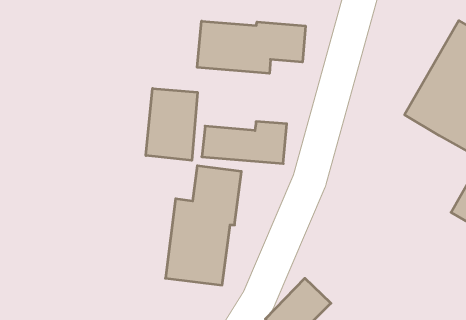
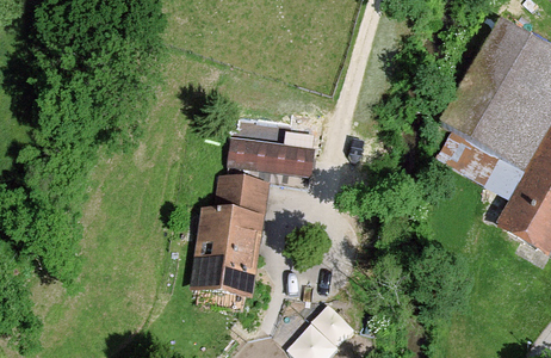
building: [197,21,305,73] -> none
building: [146,88,197,160] -> none

